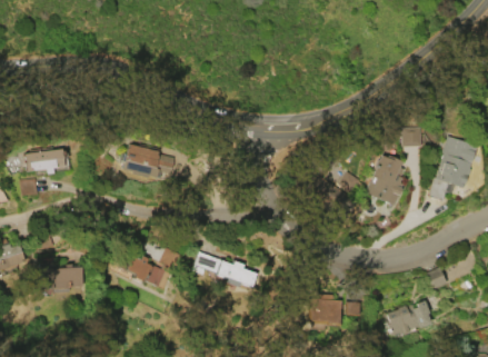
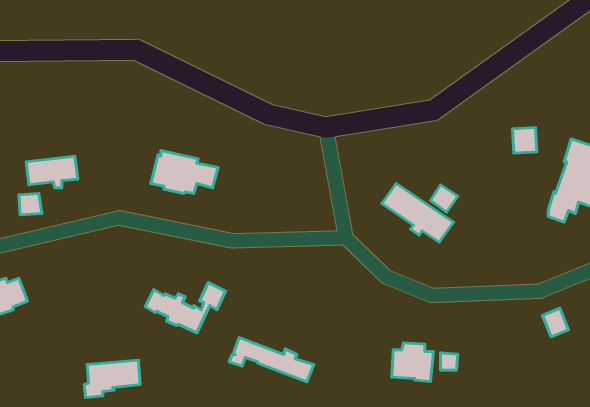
building: [366,155,404,205] -> none
building: [191,252,257,287] -> [229,337,314,382]
building: [40,268,83,297] -> [84,360,140,397]
building: [386,301,434,336] -> none

